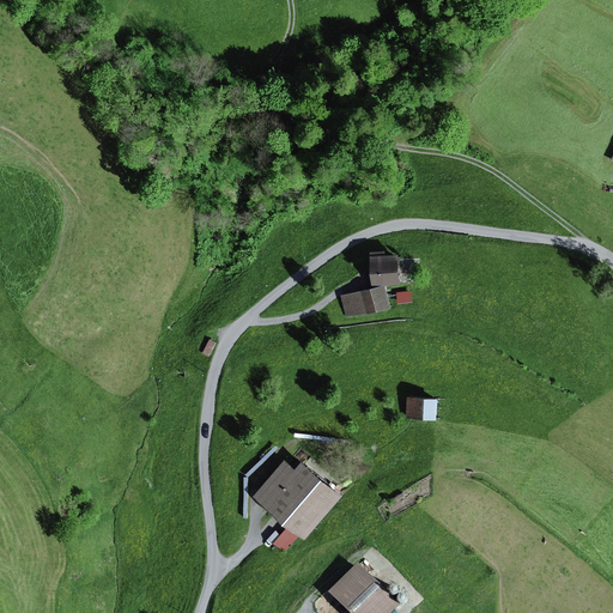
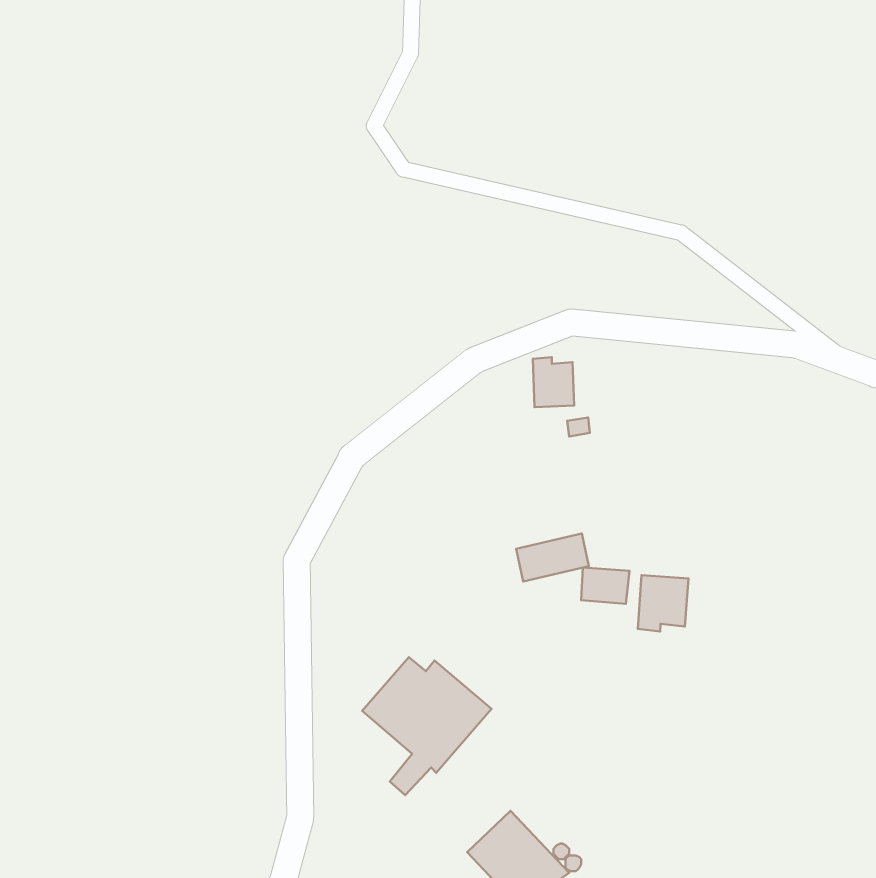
building: [338,286,388,320] -> [516,533,589,582]
building: none -> [638,575,688,631]

